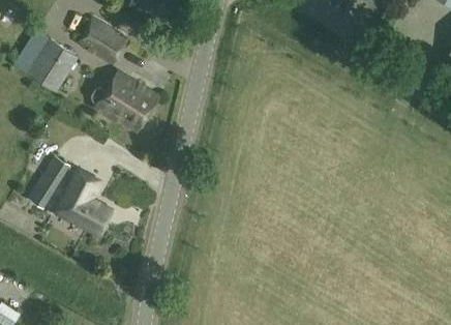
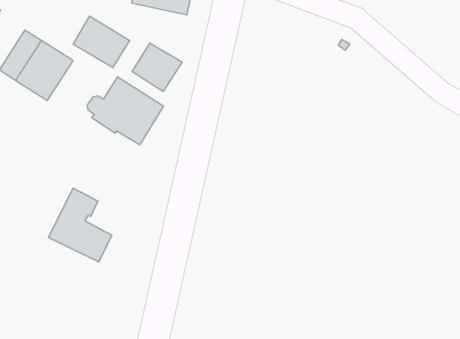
building: none -> [132,43,182,92]
building: [29,156,70,208] -> none

